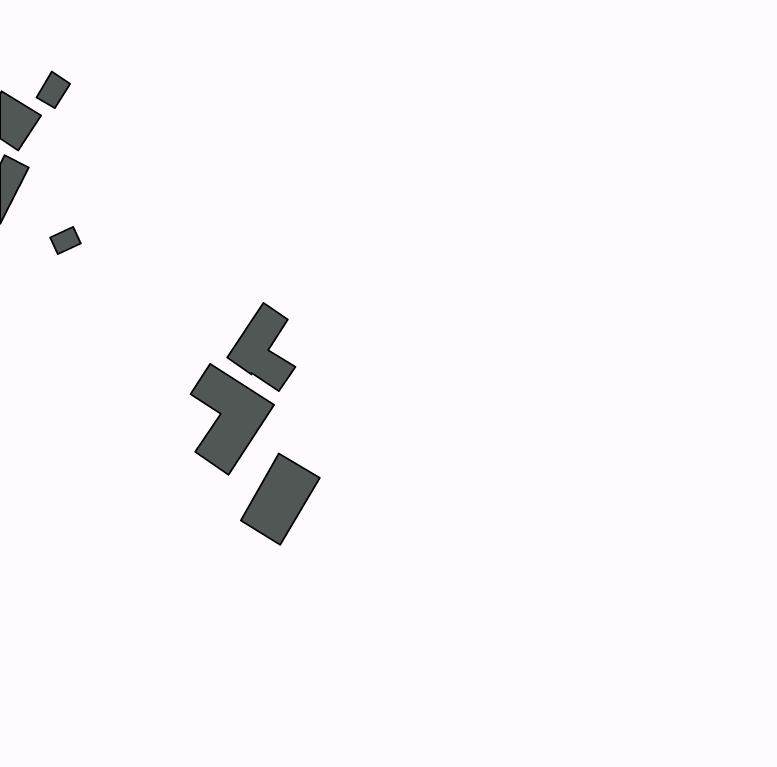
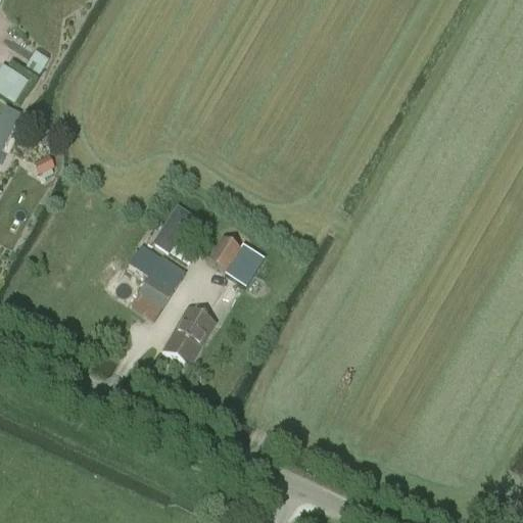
building: none -> [207,236,264,283]

